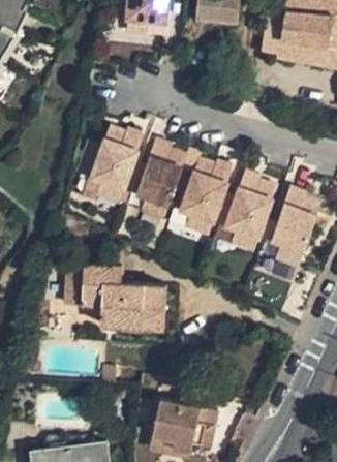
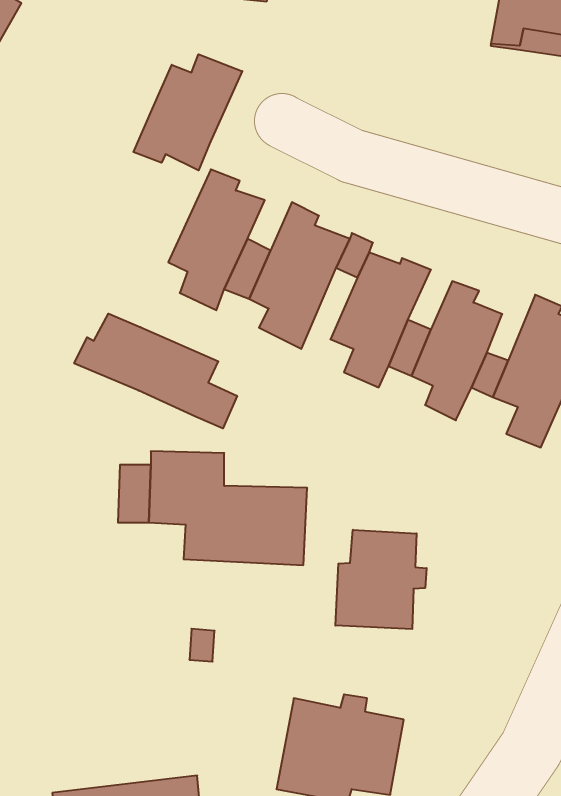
building: none -> [133,54,242,170]
building: none -> [74,314,237,428]
building: none -> [335,530,427,629]

